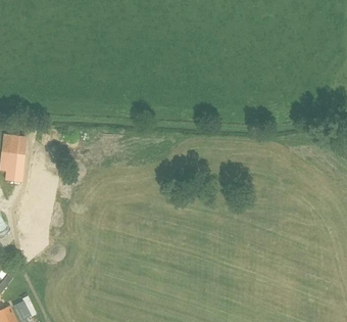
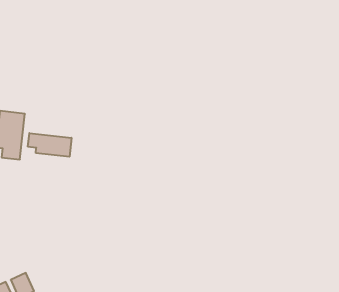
building: none -> [28,133,71,157]

